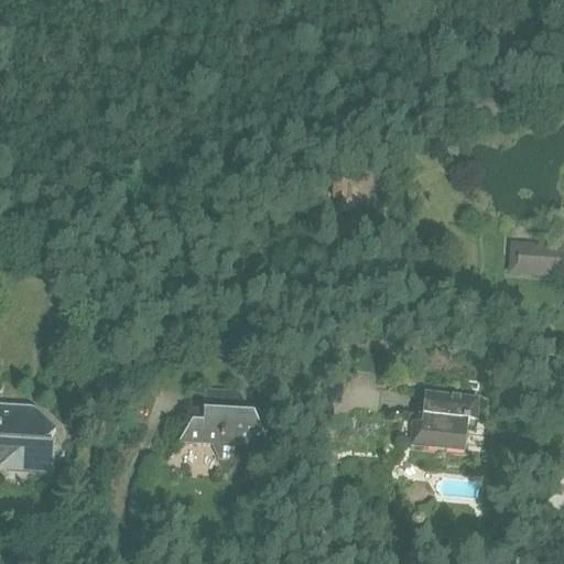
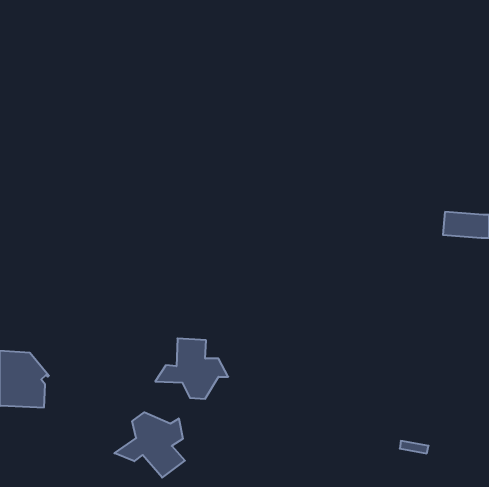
building: [408,392,477,449] -> none
building: none -> [114,412,185,478]

